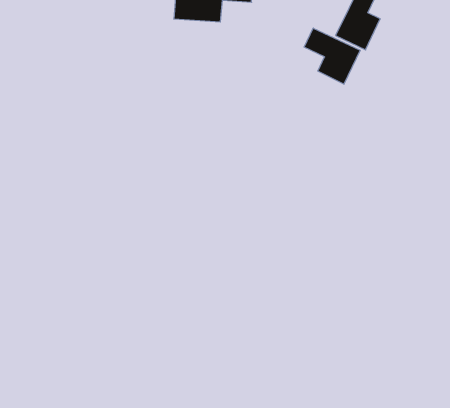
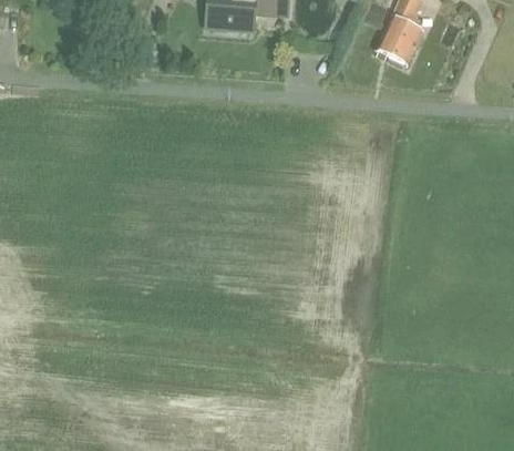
building: [304,28,360,84] -> none

